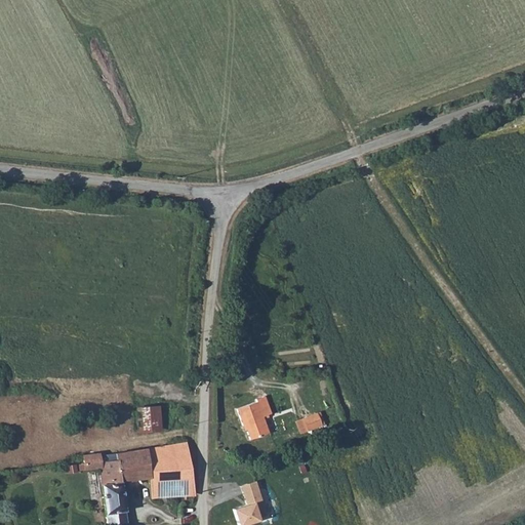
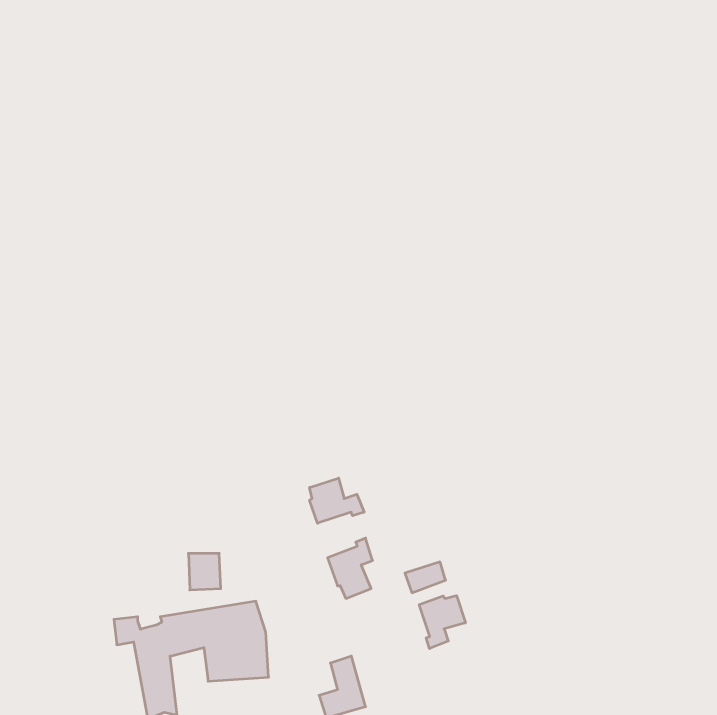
building: none -> [310,478,364,523]
building: none -> [419,596,465,649]

